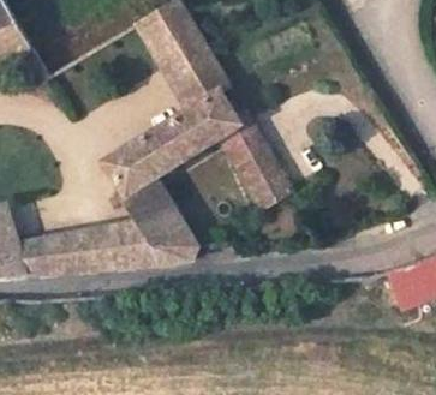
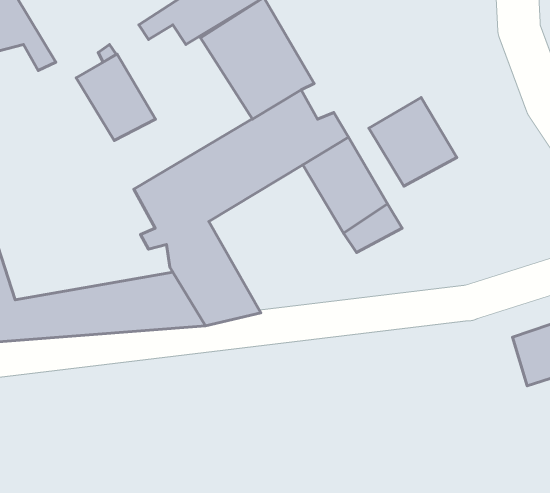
building: none -> [76,54,156,141]
building: none -> [369,97,457,186]

